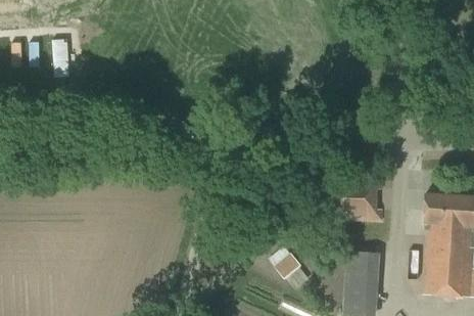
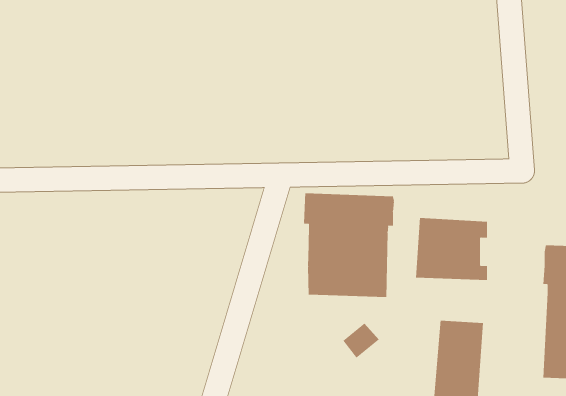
building: none -> [303,192,394,298]

